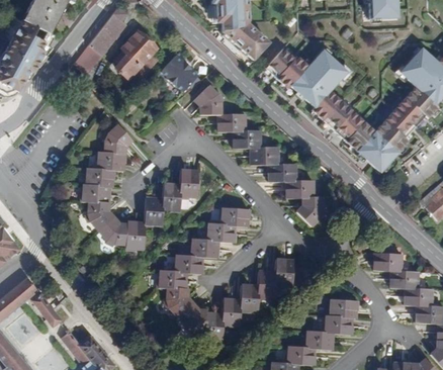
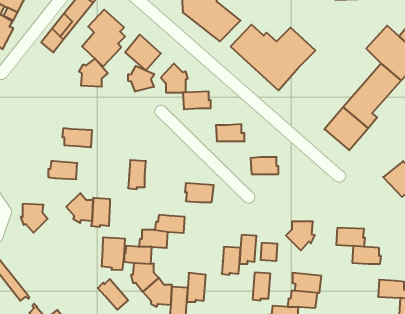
building: none -> [128,66,154,92]
building: [314,89,379,152] -> none
building: [101,124,130,153] -> [79,59,108,87]
building: [233,130,261,148] -> none
building: [268,163,295,181] -> none
building: [83,167,112,186] -> none
building: [178,169,197,198] -> none
building: [143,197,162,226] -> none
building: [295,197,325,226] -> [286,222,315,250]
building: [85,201,112,230] -> [21,204,48,233]
building: [203,223,234,242] -> none
building: none -> [102,237,125,270]
building: [239,285,257,313] -> [253,273,270,300]
building: [403,288,432,305] -> none
building: none -> [98,279,128,310]

